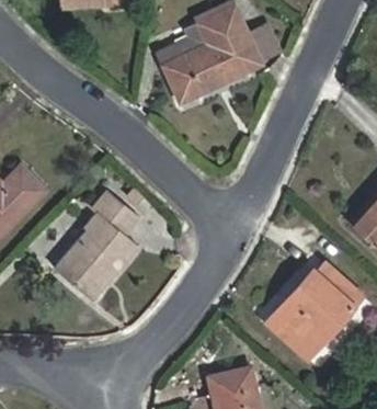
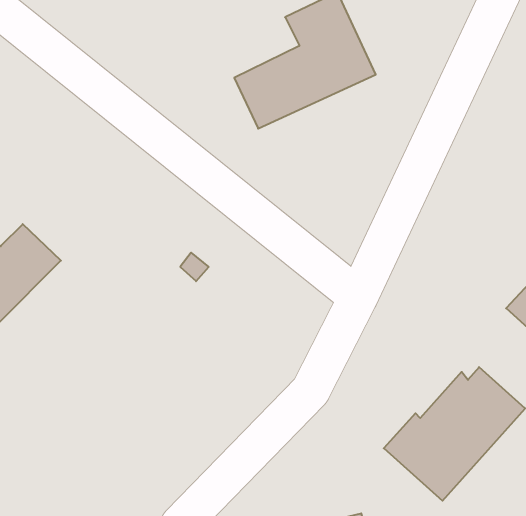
building: [54,190,137,299] -> none

